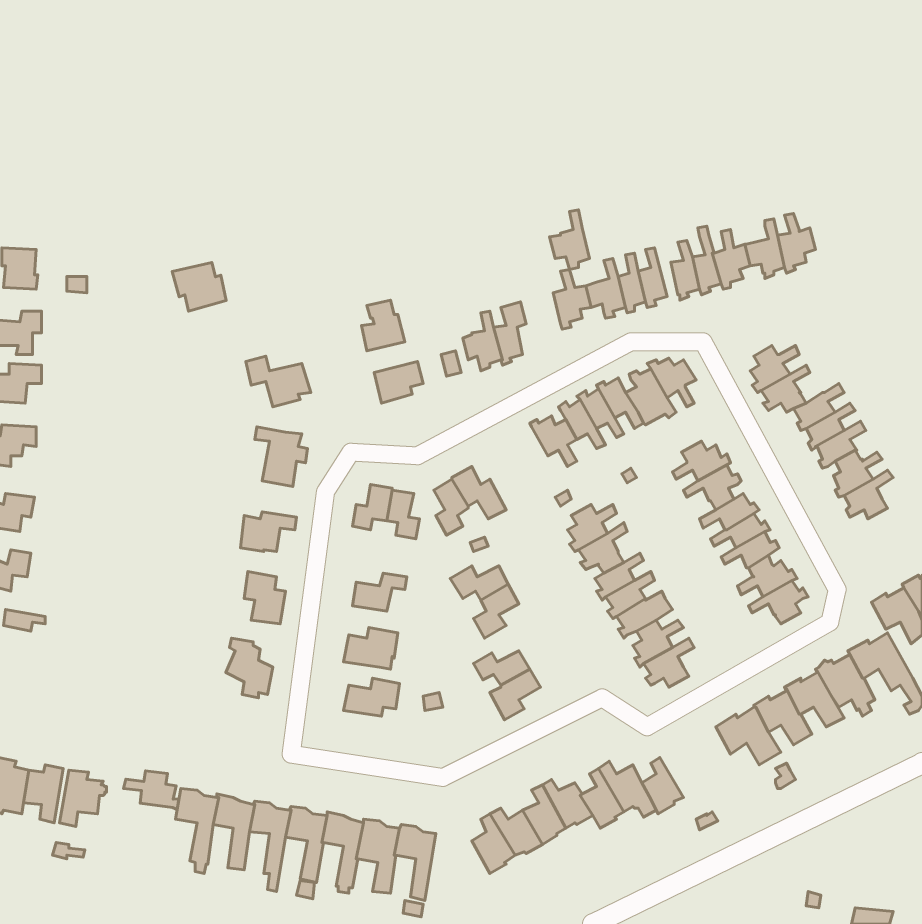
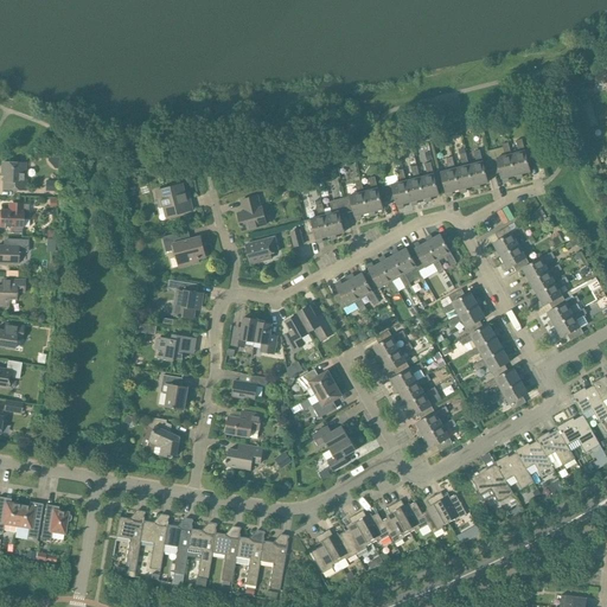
building: [550,210,589,269] -> [341,180,368,219]
building: [172,262,226,311] -> [155,185,191,217]
building: none -> [333,280,365,313]
building: none -> [433,492,466,523]
building: [123,771,179,809] -> none

